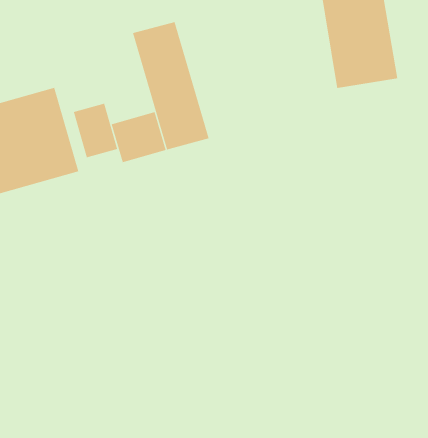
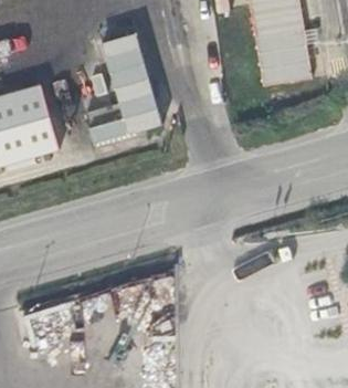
building: [73,103,118,158] -> none

